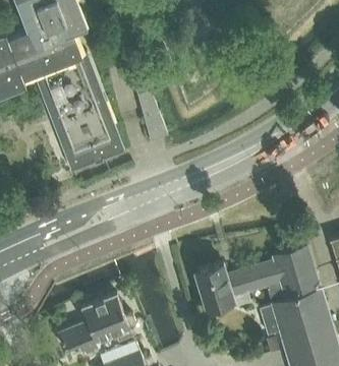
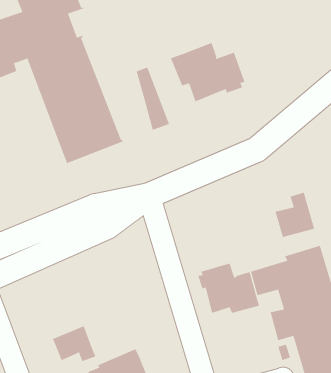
building: none -> [170,42,245,102]
building: none -> [275,192,315,238]
building: [82,295,135,343] -> none

